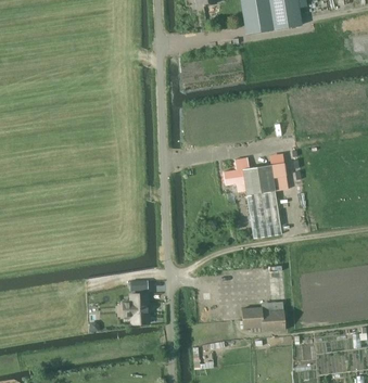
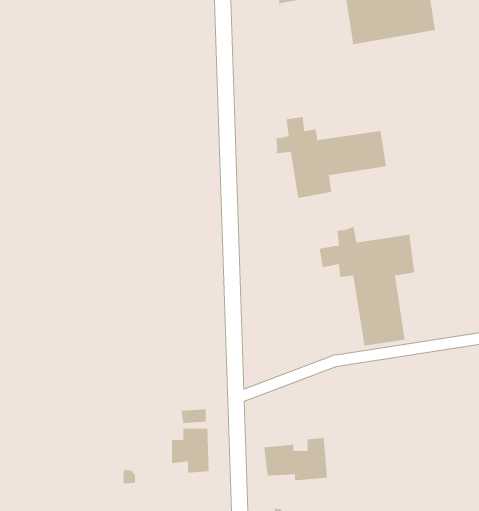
building: none -> [276,116,387,199]
building: [242,303,285,332] -> [264,438,328,481]

